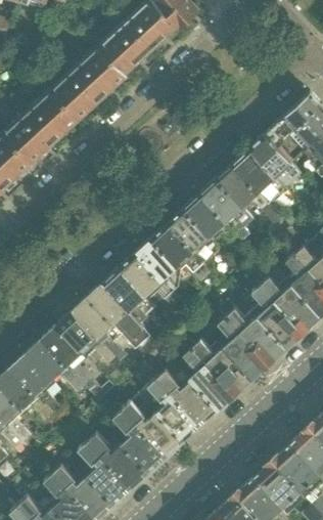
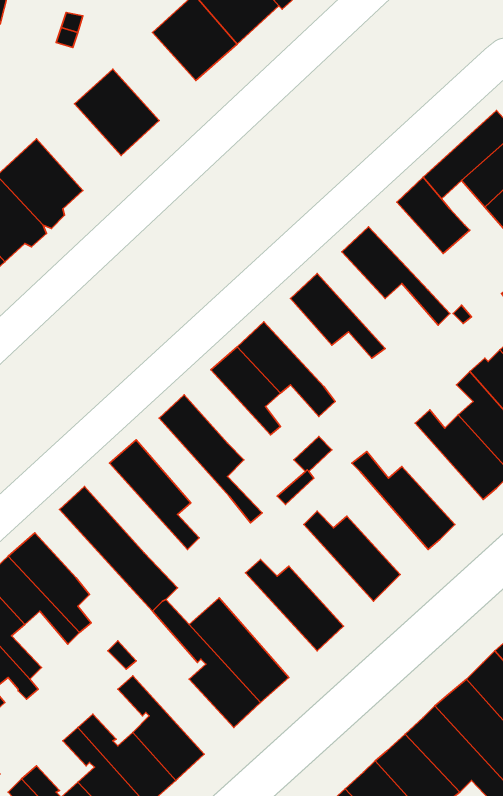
building: [74,45,127,99] -> none
building: [27,89,79,142] -> none
building: [231,149,284,204] -> none
building: [199,180,259,242] -> none
building: [167,209,211,263] -> none
building: [118,253,179,309] -> none
building: [88,283,150,349] -> none
building: [251,286,302,348] -> none
building: [56,310,120,369] -> none
building: [217,315,268,379] -> none
building: [26,339,84,393] -> none
building: [182,348,234,410] -> none
building: [139,378,199,442] -> none
building: [86,433,148,489] -> none

